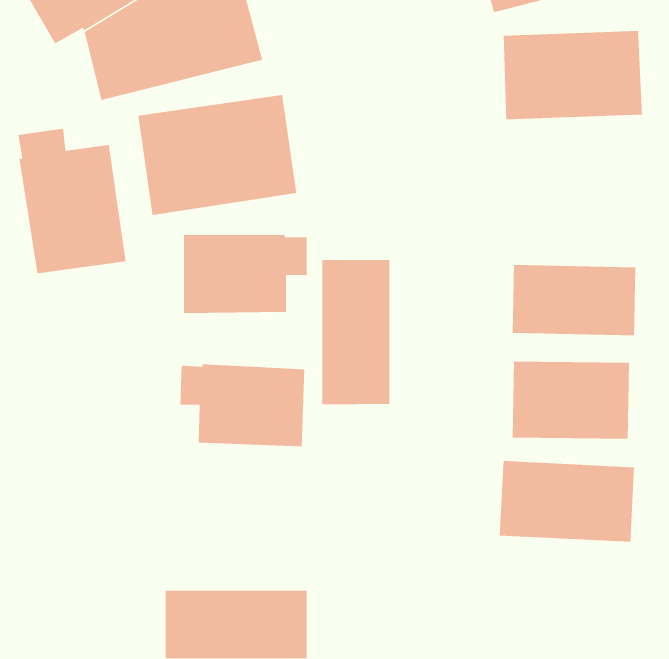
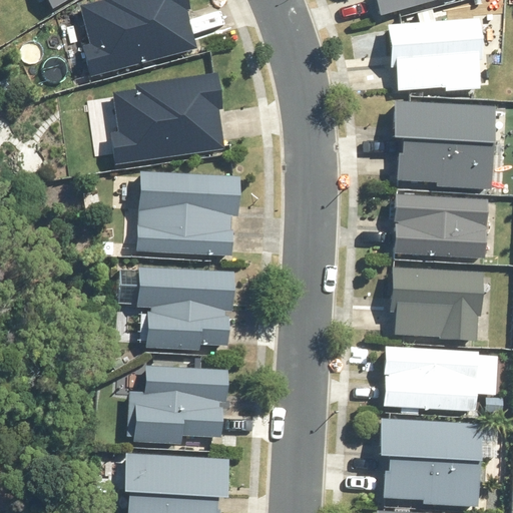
building: [17,128,126,274] -> none
building: none -> [398,110,494,188]
building: [321,259,390,405] -> none
building: none -> [134,368,231,435]
building: none -> [378,411,483,500]

